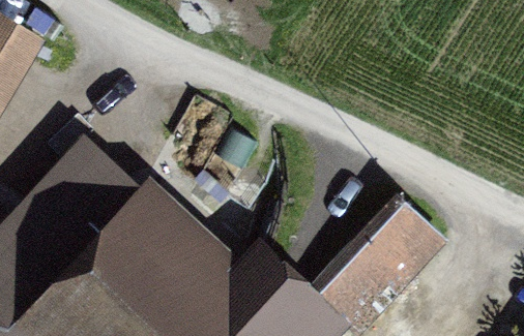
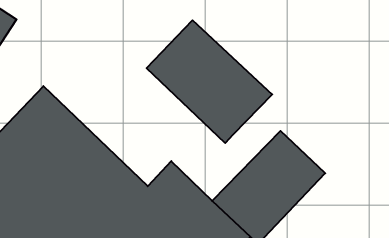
building: none -> [147,20,272,143]

